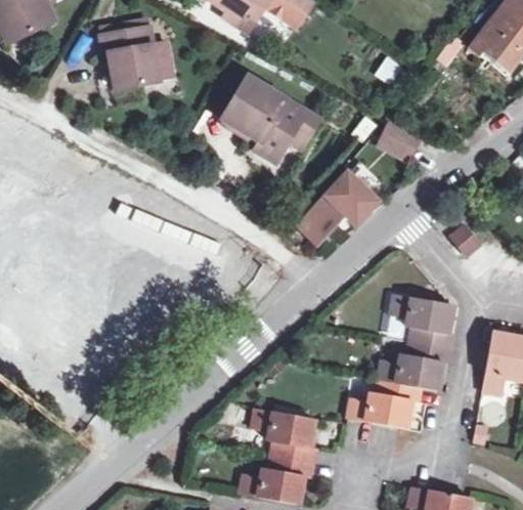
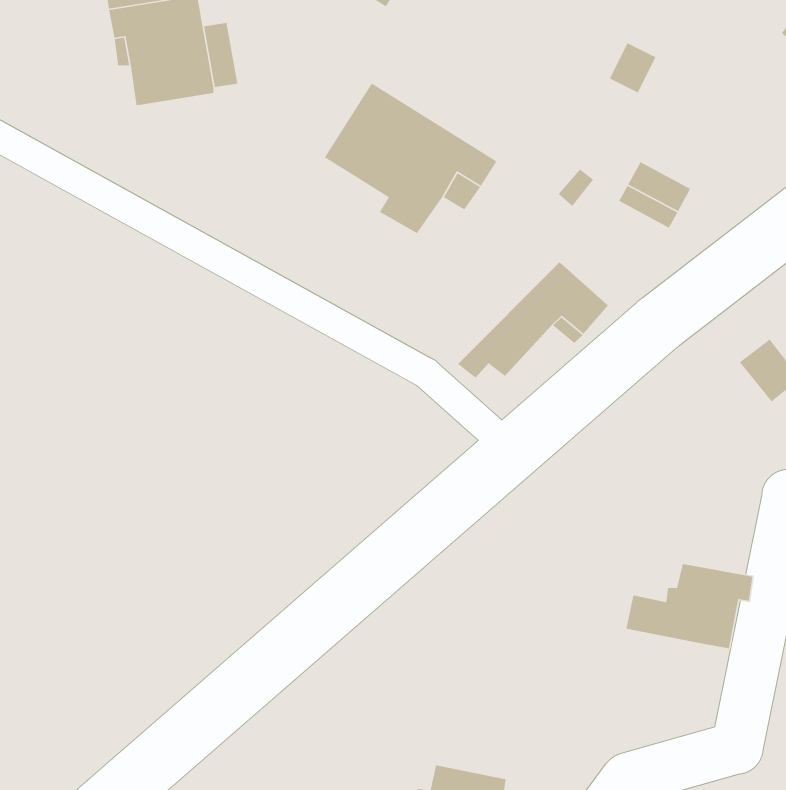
building: [396,297,457,351] -> none
building: [352,381,425,428] -> none
building: [257,410,319,465] -> none

